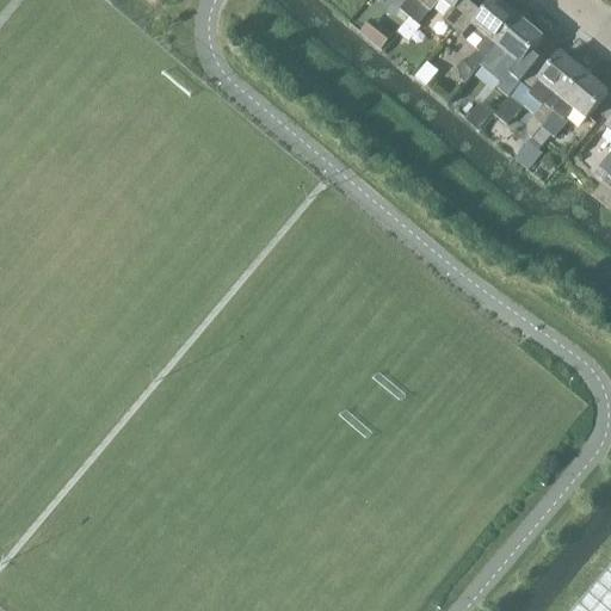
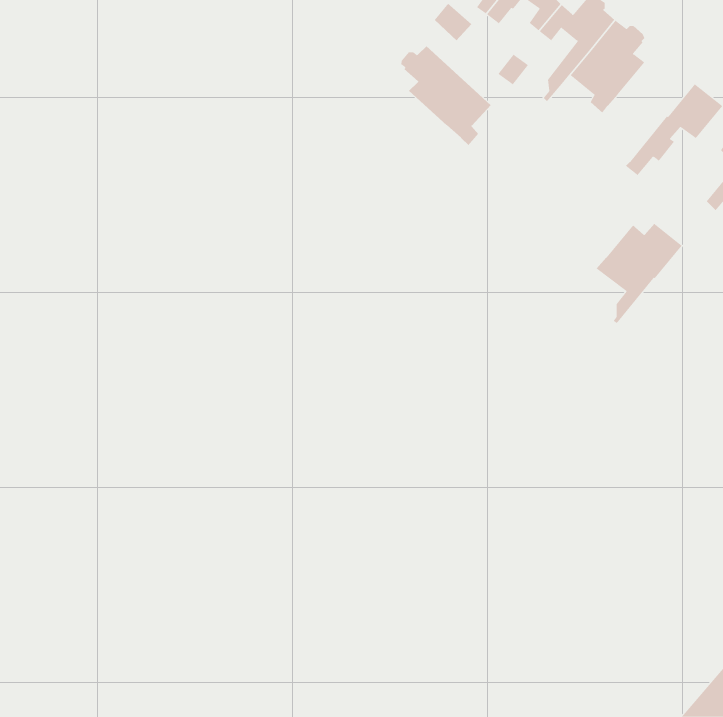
building: none -> [401,45,491,146]
building: [513,51,586,136] -> [596,223,682,324]

